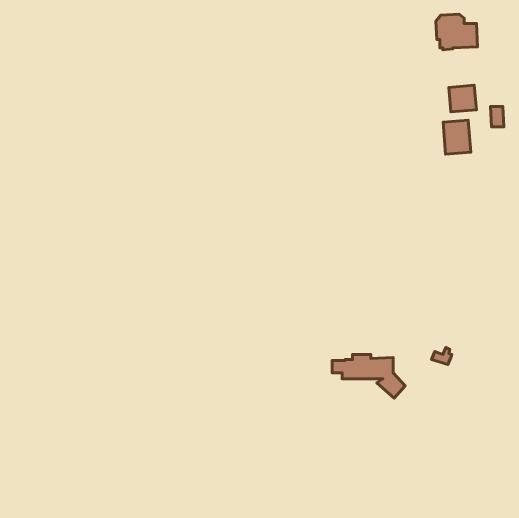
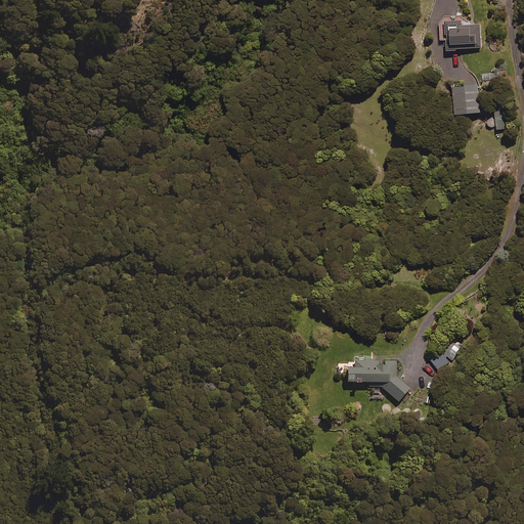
building: [443,120,471,154] -> none

